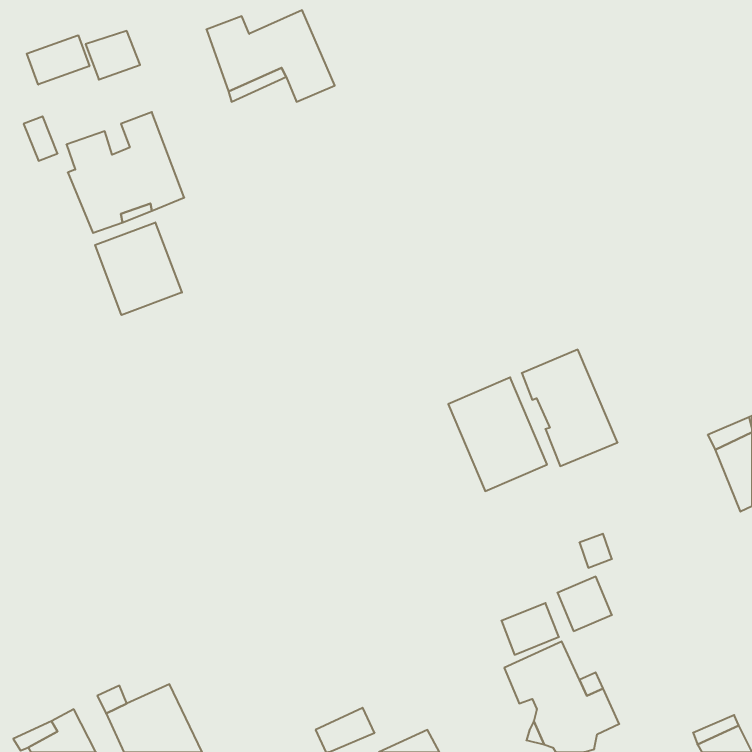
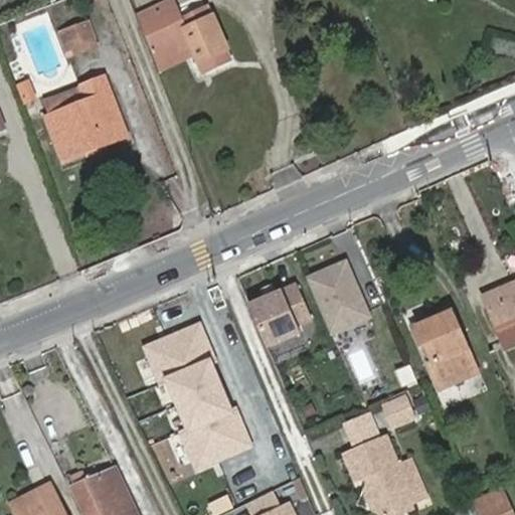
building: [27,35,89,85] -> none
building: [95,222,182,315] -> none
building: [522,350,618,466] -> [412,310,478,389]
building: none -> [248,281,316,346]
building: none -> [145,323,251,465]

